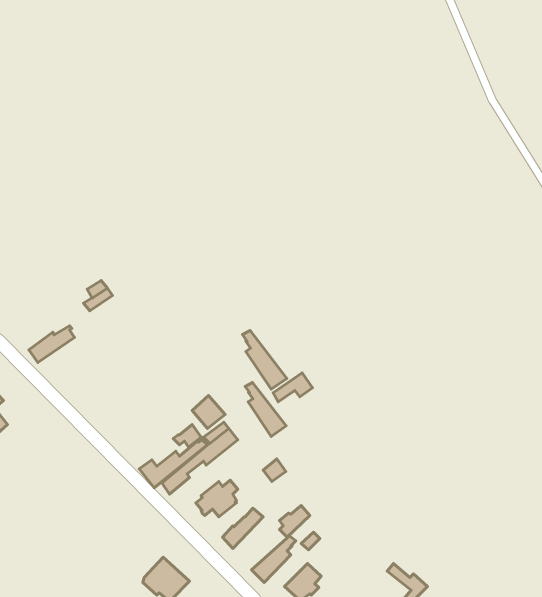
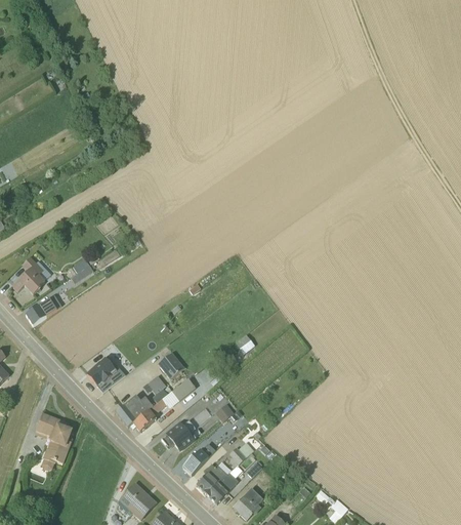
building: none -> [12,255,50,293]
building: [242,331,287,389] -> none
building: [245,382,286,436] -> none
building: none -> [86,354,125,391]
building: none -> [35,412,71,470]
building: none -> [196,460,229,492]

